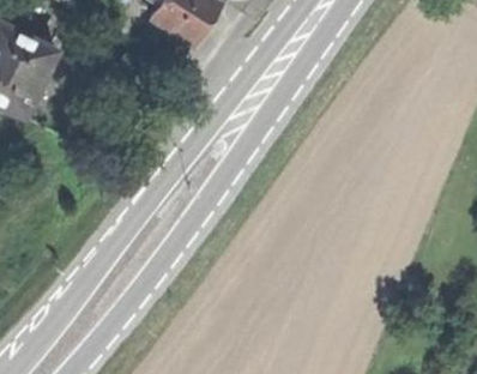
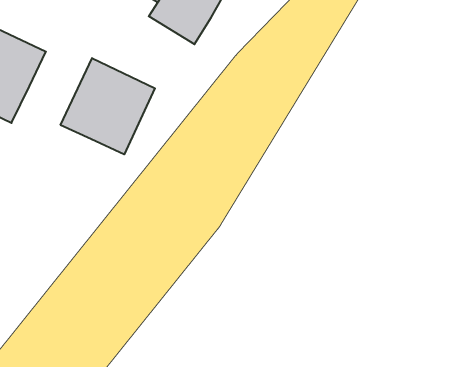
building: none -> [61,58,155,154]

